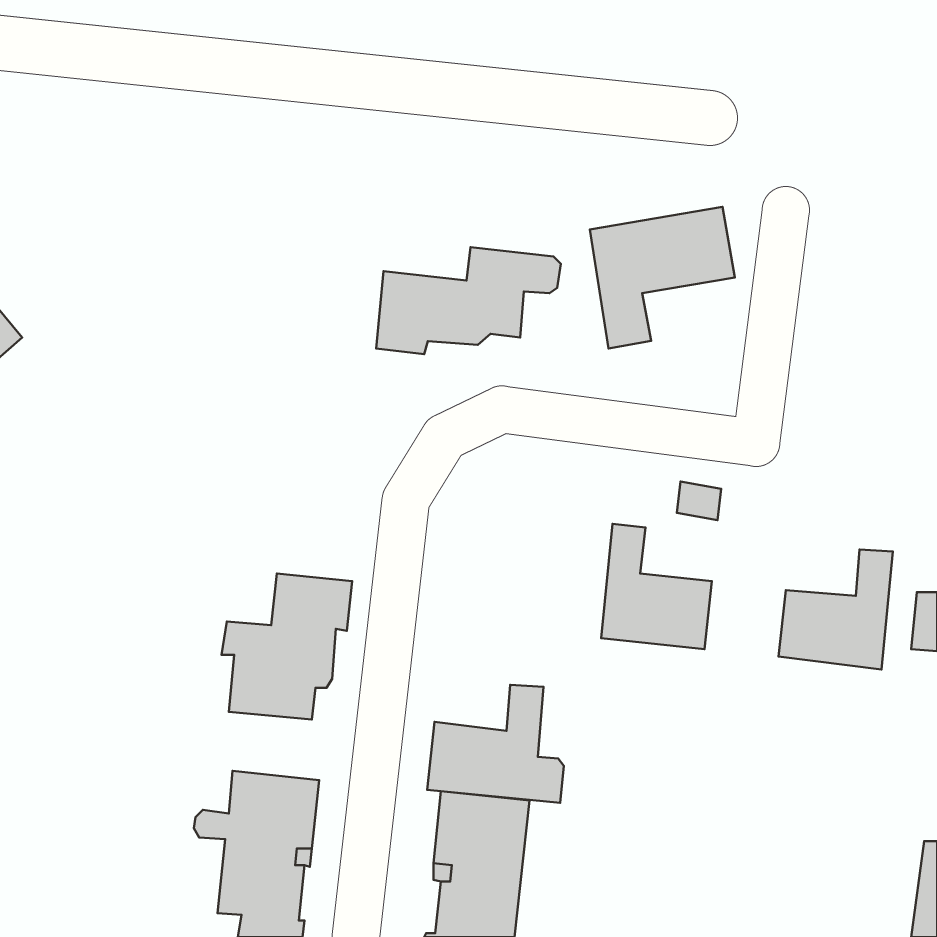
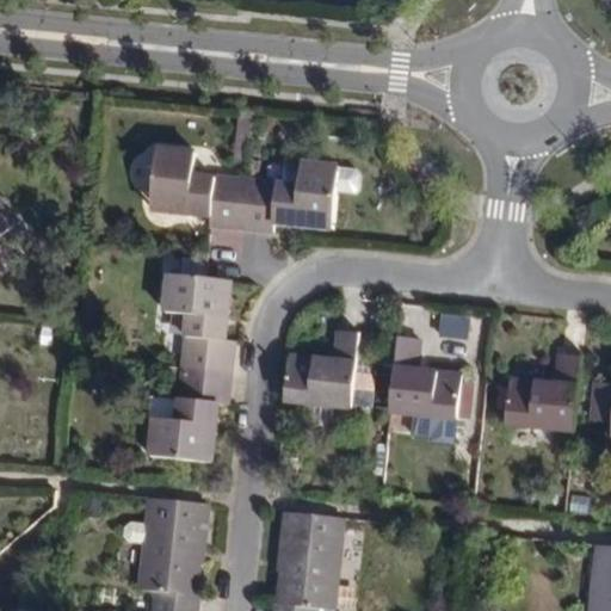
building: [590,207,735,348] -> none
building: none -> [153,144,248,226]
building: none -> [165,278,232,376]
building: [427,685,564,803] -> [283,334,371,411]

